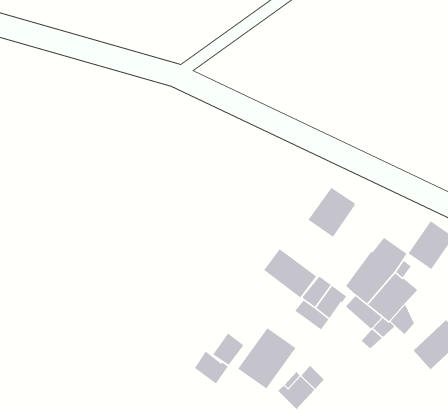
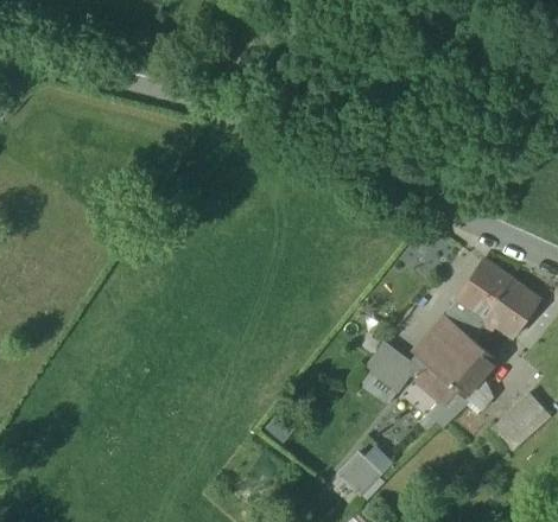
building: [307,187,356,238] -> [456,259,512,317]
building: [263,248,317,298] -> none
building: [237,327,296,390] -> none
building: [194,351,229,384] -> none

